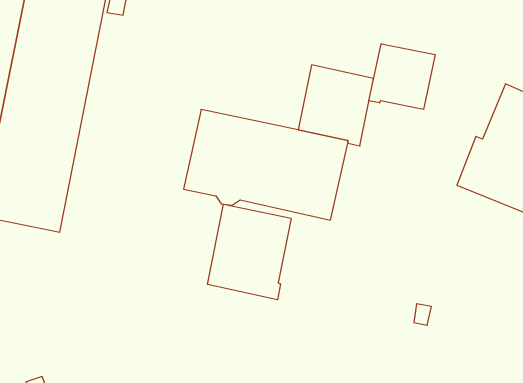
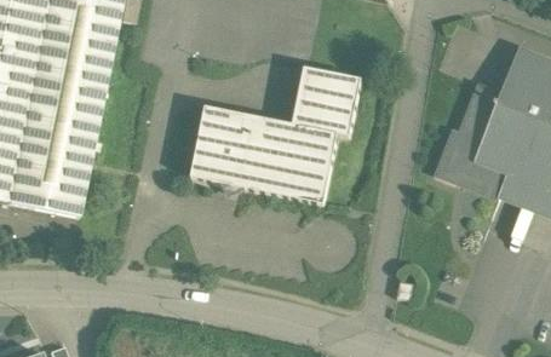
building: [369,44,435,109] -> none
building: [207,204,291,300] -> none

